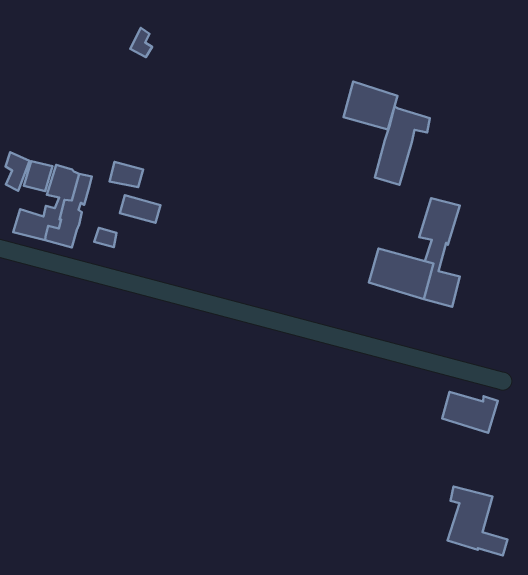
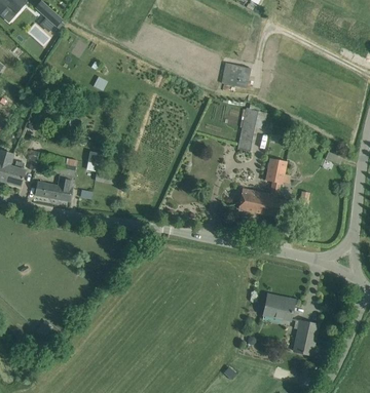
building: [343,82,398,129] -> [221,63,251,88]
building: [442,392,498,433] -> [263,298,294,319]

